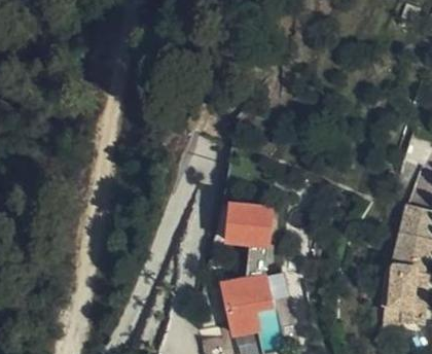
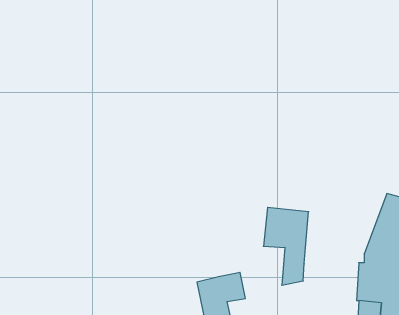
building: [233,207,277,281] -> [263,207,309,285]

